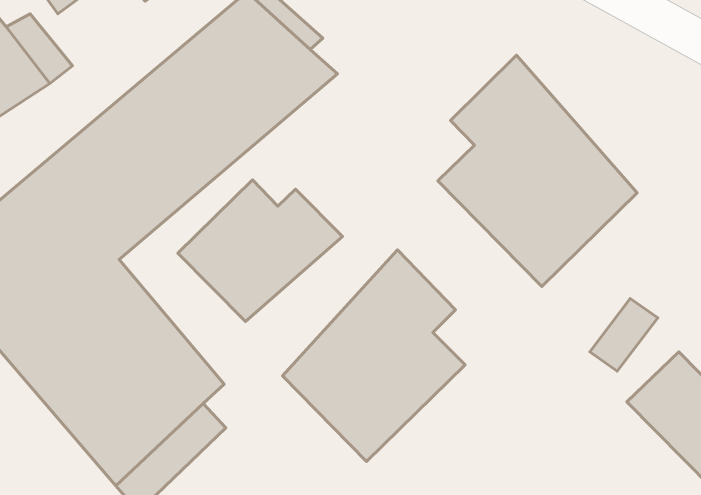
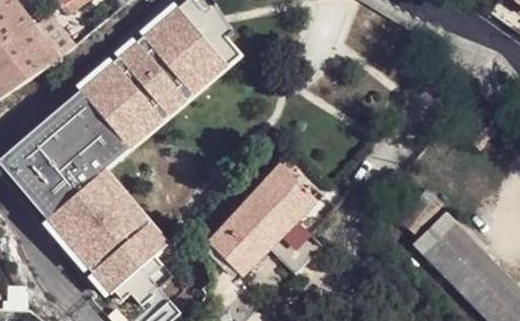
building: [438,55,637,287] -> none
building: [178,180,343,322] -> none

